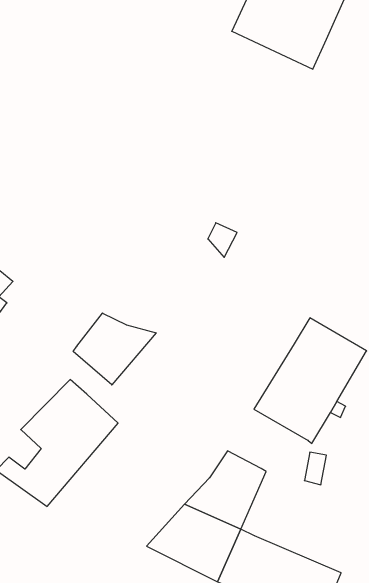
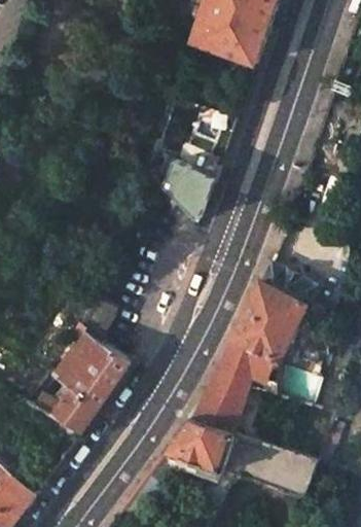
building: [73,313,156,385] -> none
building: none -> [219,344,259,383]

